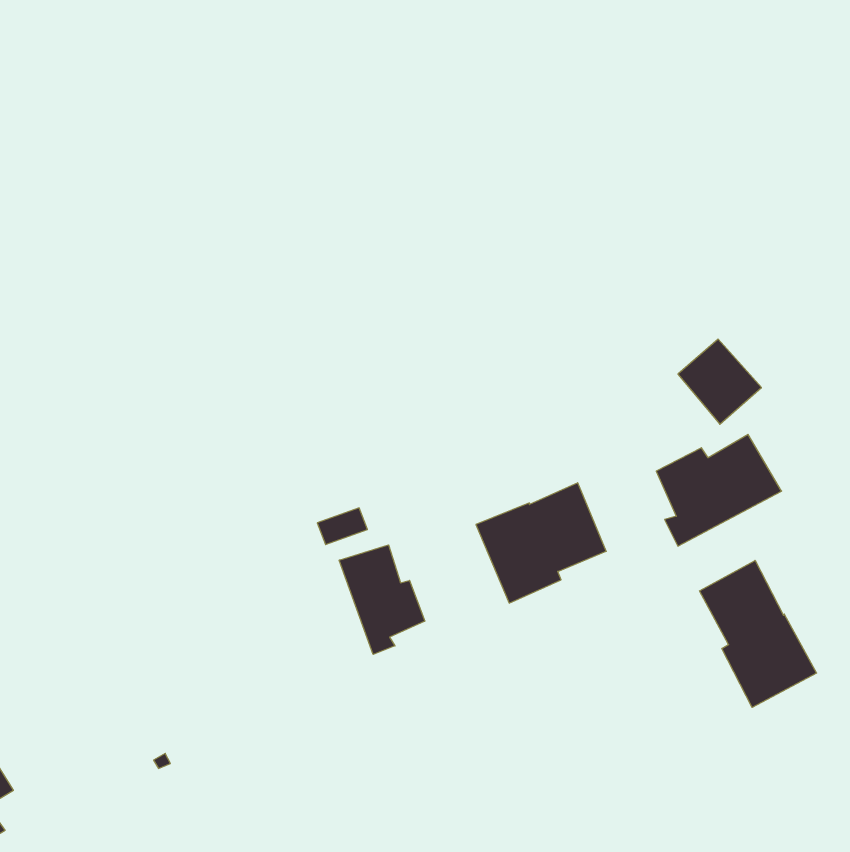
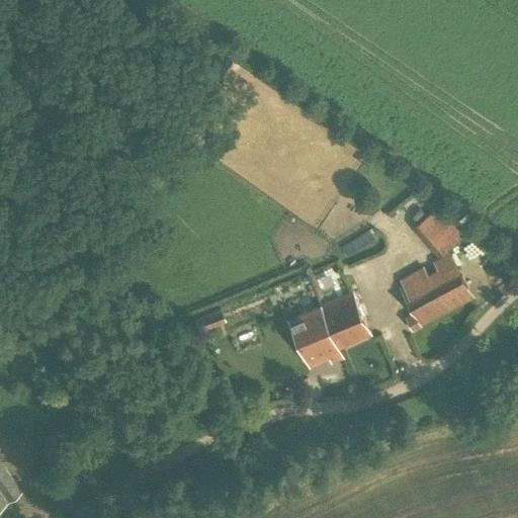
building: [339,545,425,654] -> none
building: [700,560,817,707] -> none

